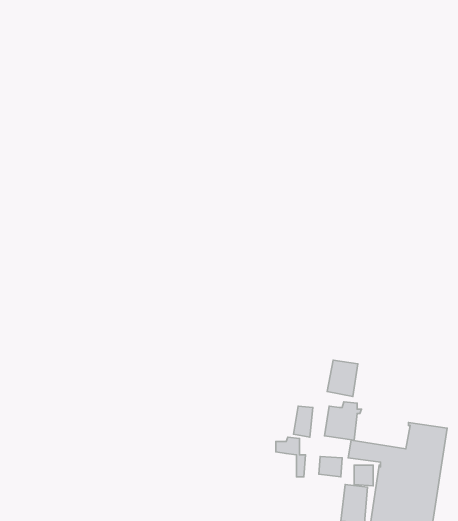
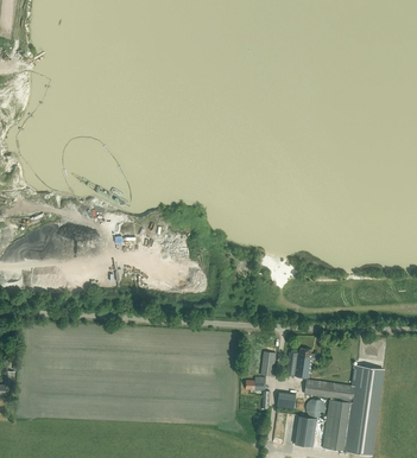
building: [327,360,358,397] -> none

